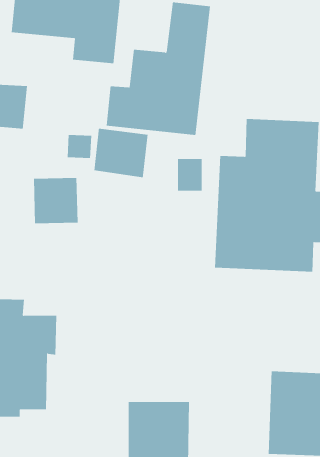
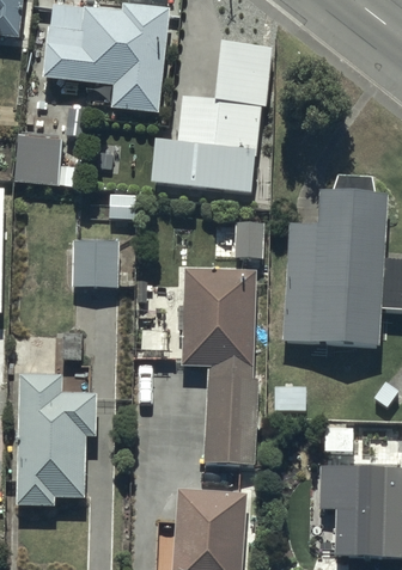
building: [94,128,148,178] -> none
building: none -> [179,269,260,462]

